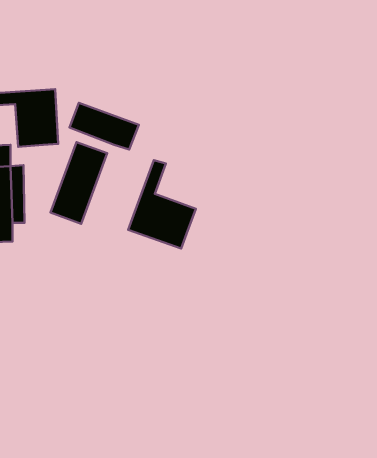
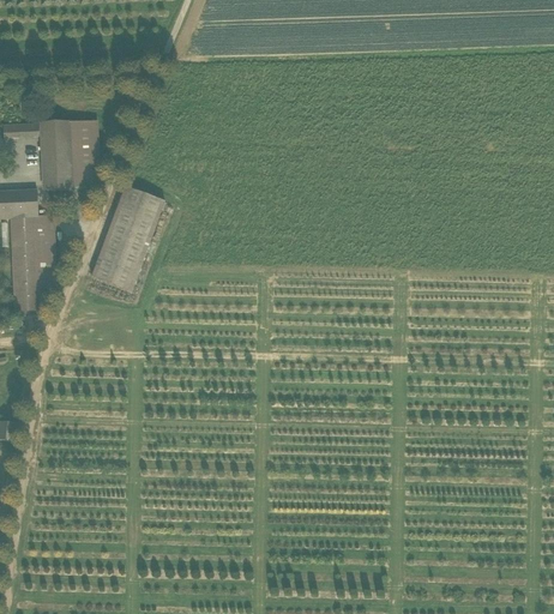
building: [69,103,139,150] -> none
building: [128,160,196,248] -> none

